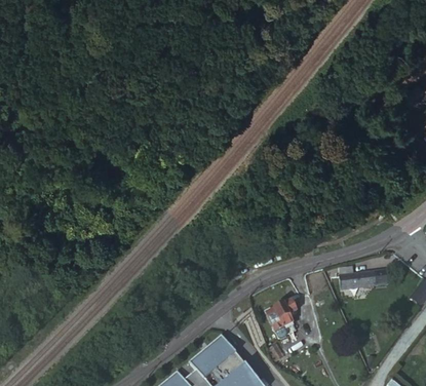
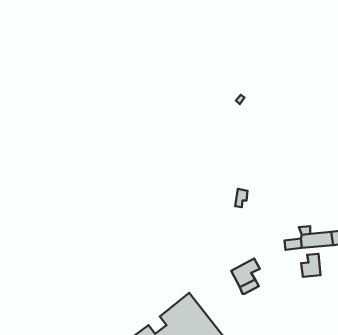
building: none -> [301,254,320,277]

